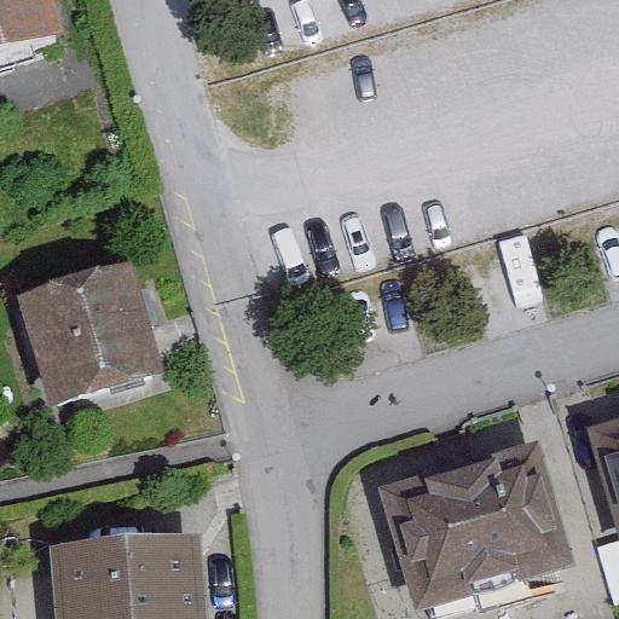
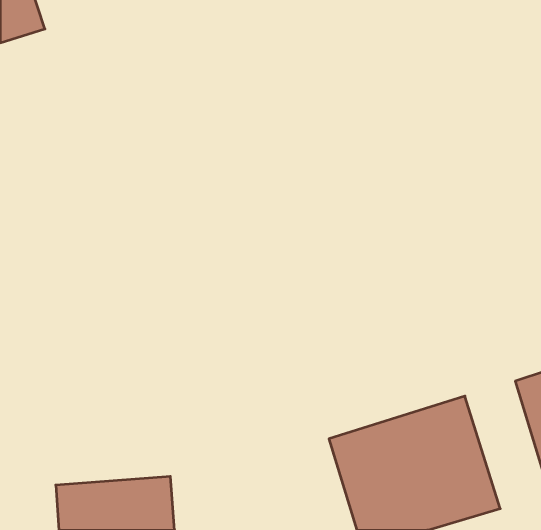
building: [17,270,163,411] -> none

